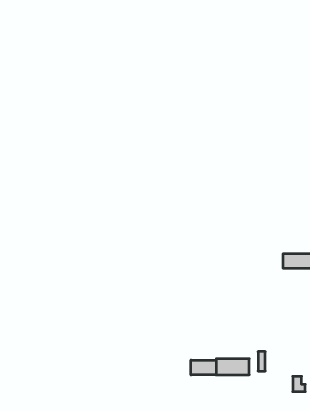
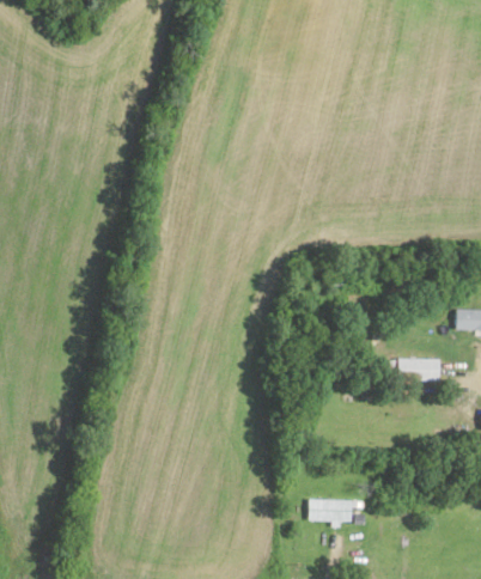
building: [191,360,216,375] -> none

